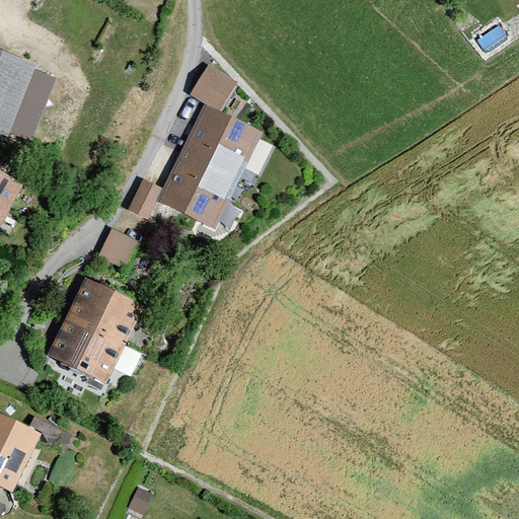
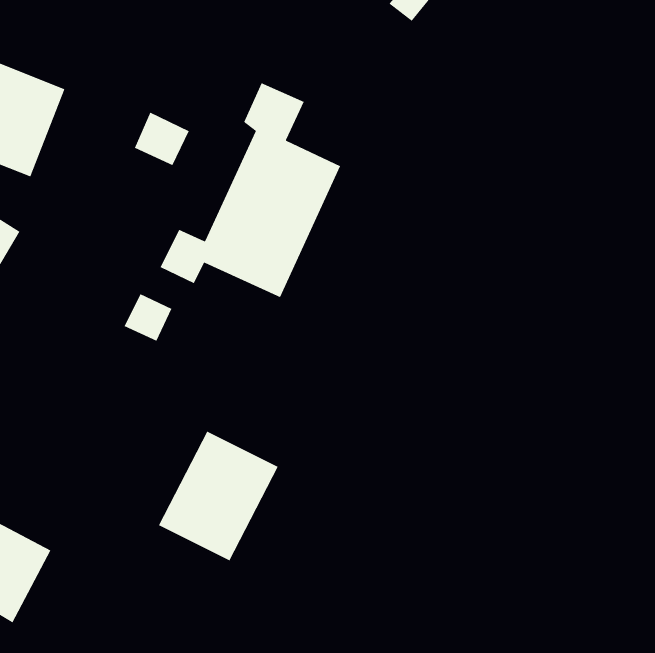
building: none -> [134,112,190,166]
building: [48,279,143,382] -> [158,430,279,561]

